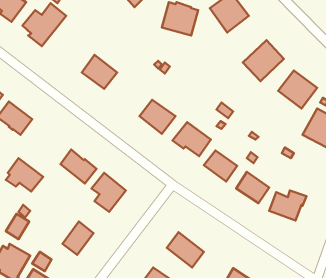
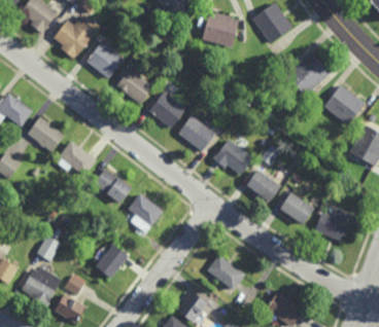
building: none -> [85,41,124,79]
building: none -> [148,90,186,129]
building: [6,158,43,191] -> [58,141,97,176]

